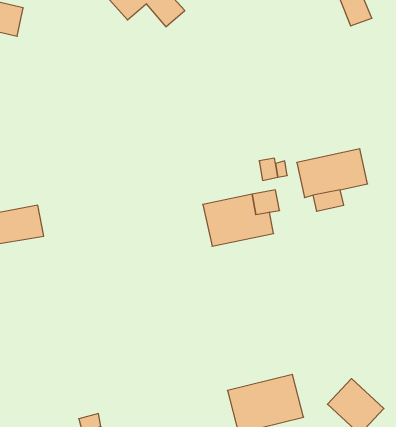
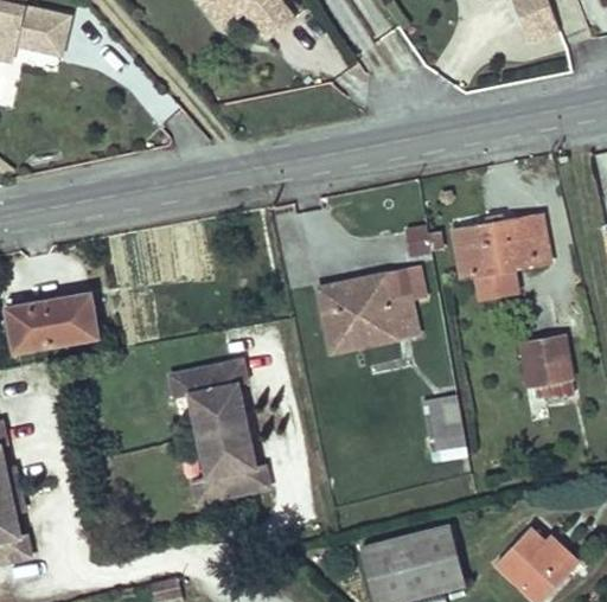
building: none -> [519,334,575,397]
building: none -> [171,359,270,502]
building: none -> [427,396,462,446]

